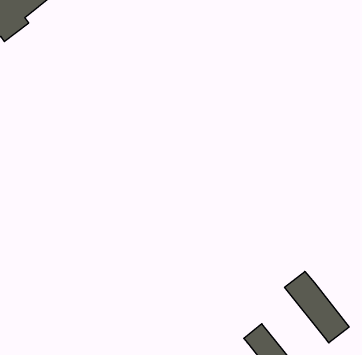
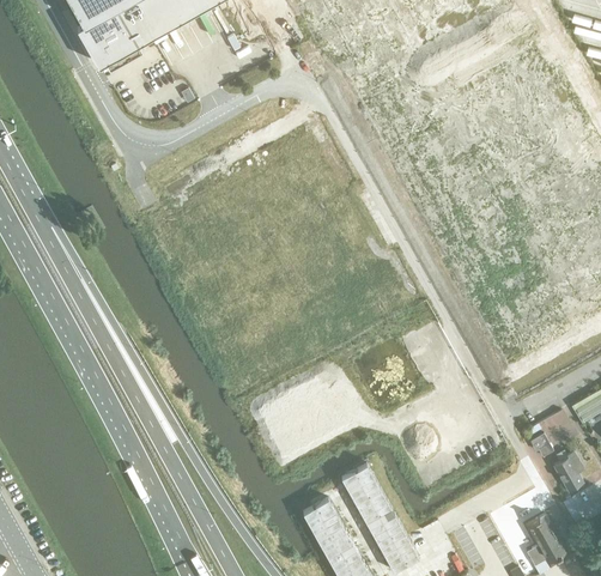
building: [285,271,349,343] -> none

